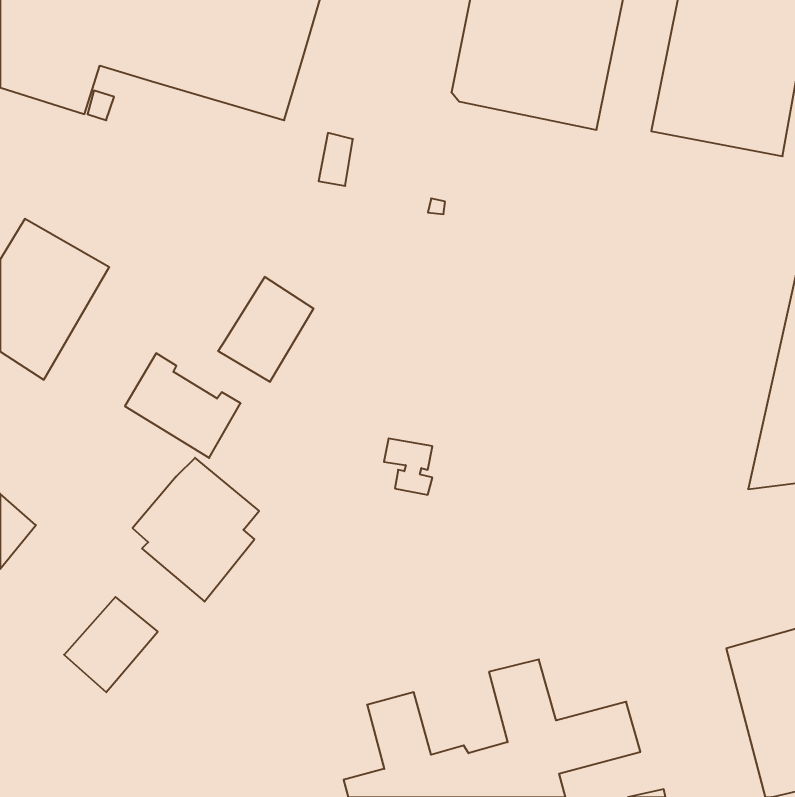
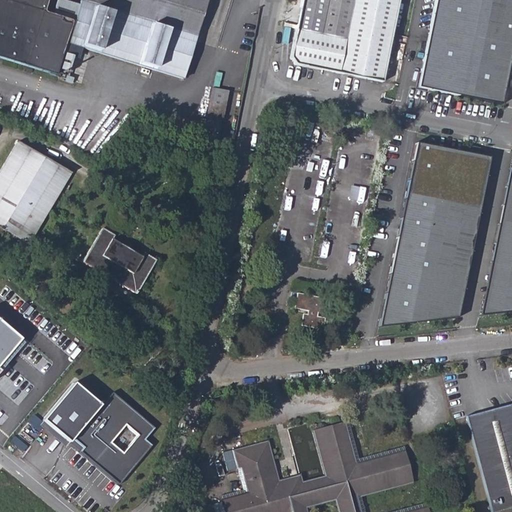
building: none -> [381,142,489,324]
building: [218,277,313,382] -> none
building: [384,438,432,495] -> [296,293,327,329]
building: [133,458,259,602] -> [75,392,156,484]

